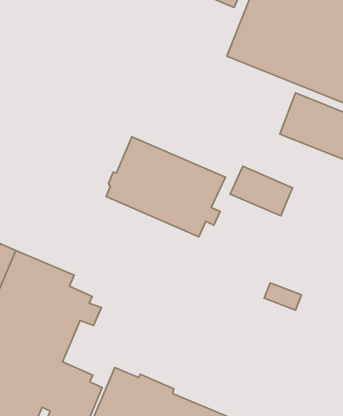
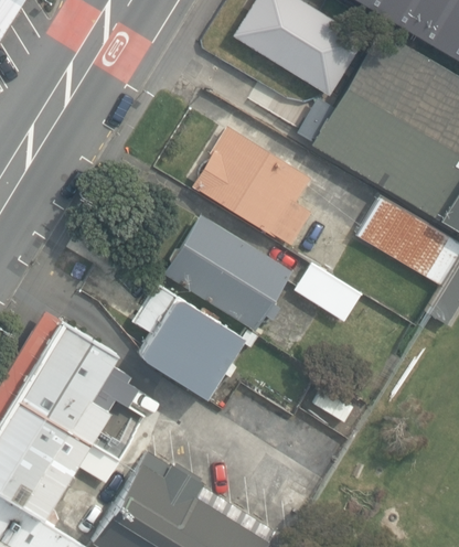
building: none -> [193,127,311,245]
building: none -> [132,286,243,398]

